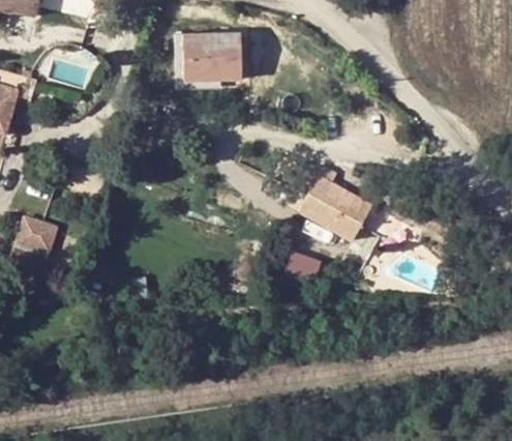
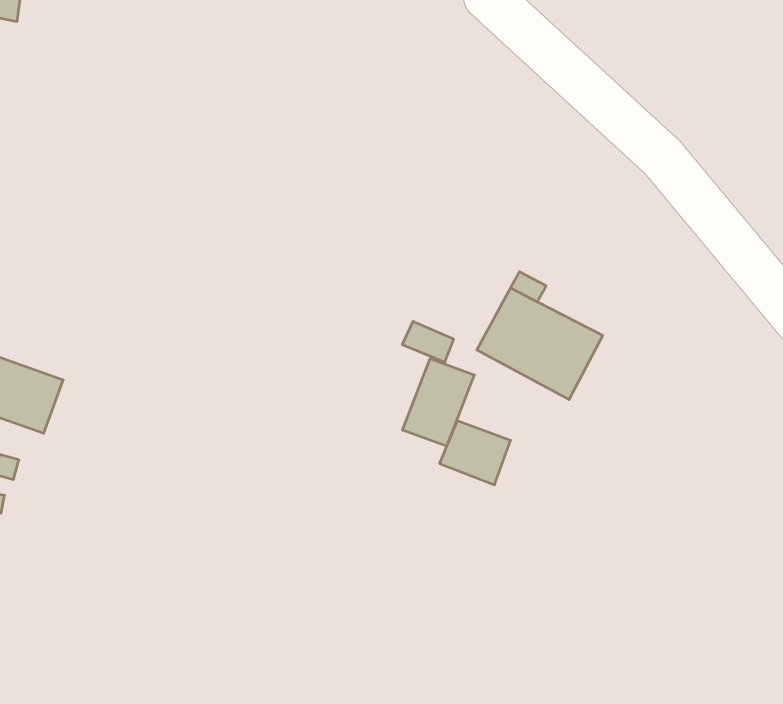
building: [174,34,241,83] -> none
building: none -> [403,359,474,446]

